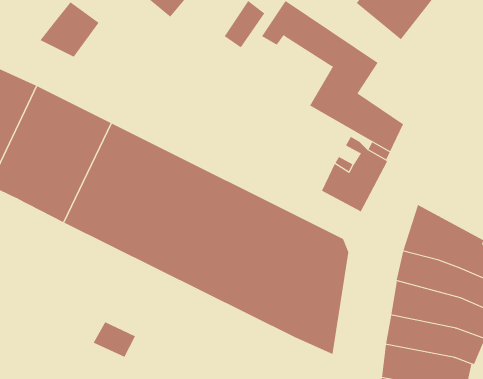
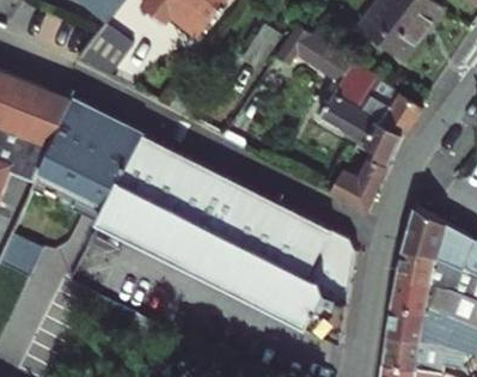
building: none -> [362,80,422,138]

